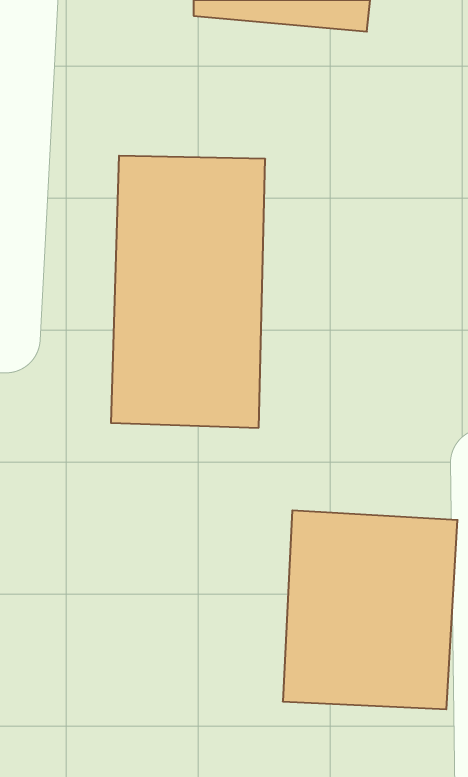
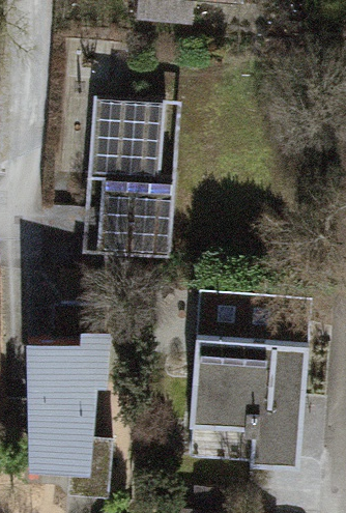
building: none -> [23,323,102,483]

